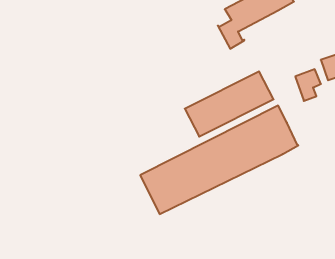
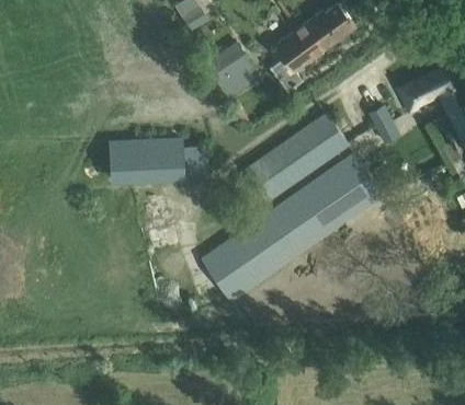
building: none -> [207,45,263,95]
building: none -> [86,138,207,181]

